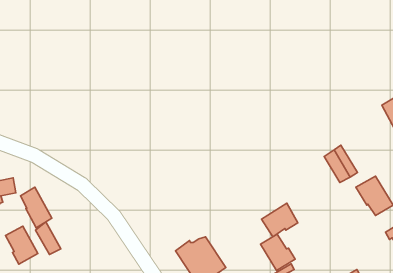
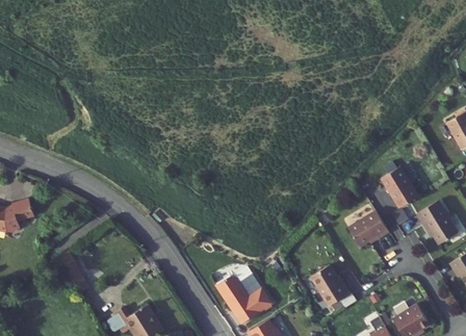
building: [20,187,52,228] -> none
building: [262,203,298,237] -> [350,209,390,247]
building: [6,226,38,264] -> none

